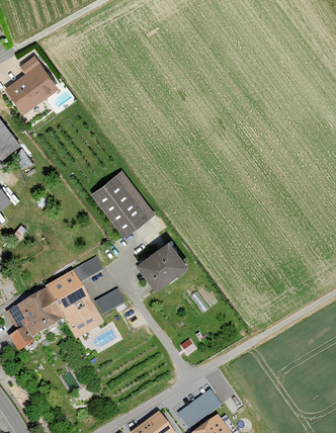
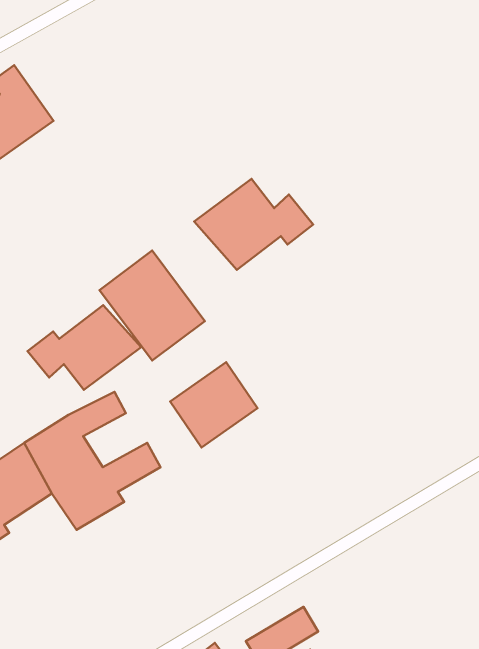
building: none -> [194,179,313,270]
building: none -> [28,305,141,390]

